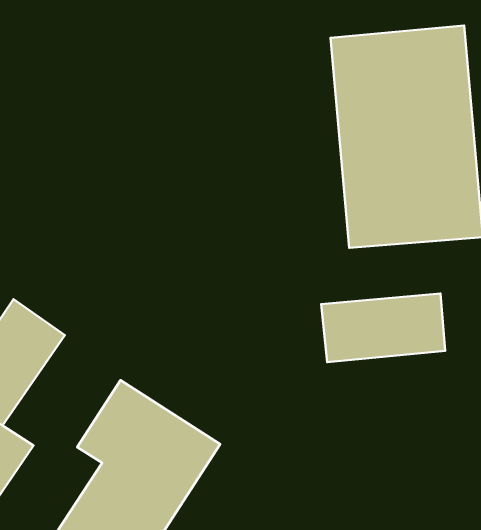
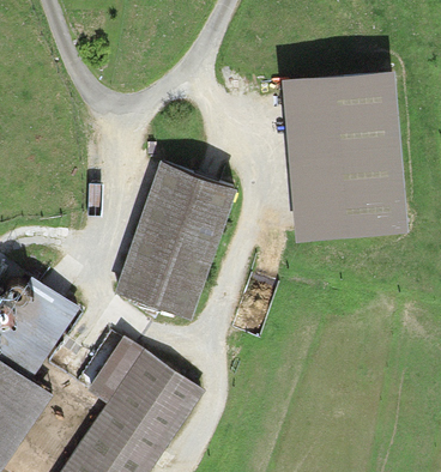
building: none -> [115,162,235,317]
building: [321,294,445,362] -> none

